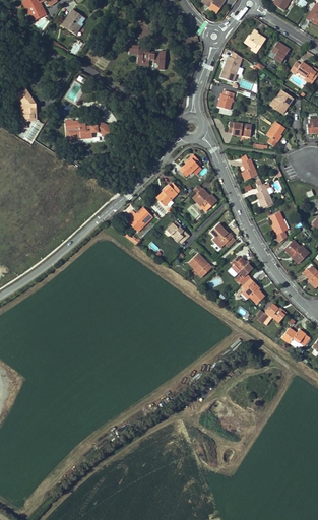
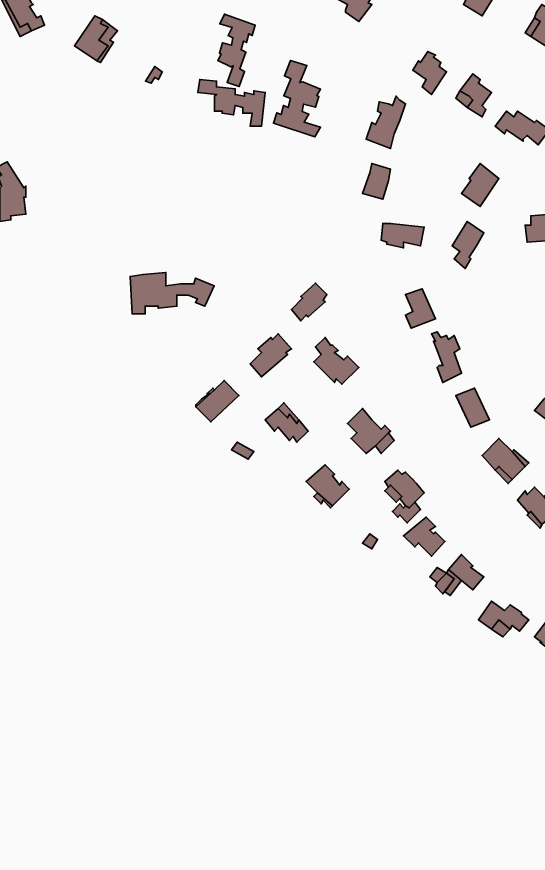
building: none -> [218,14,255,87]
building: none -> [273,61,320,137]
building: [66,119,112,141] -> [130,273,214,314]

